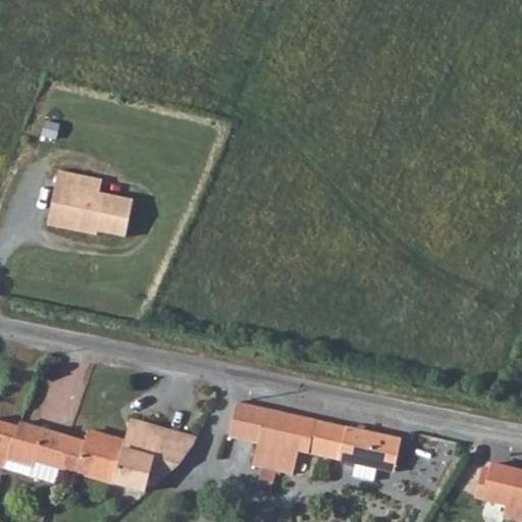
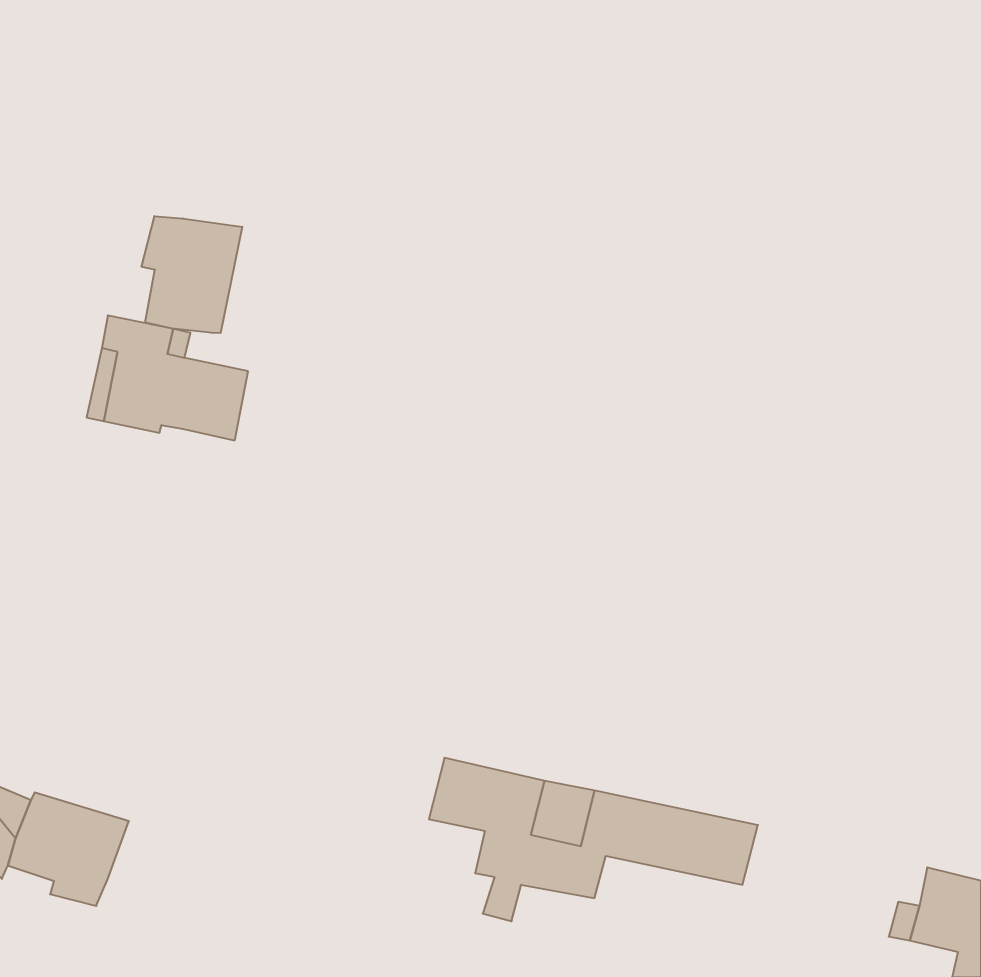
building: none -> [142,216,242,333]
building: [57,420,198,491] -> none

